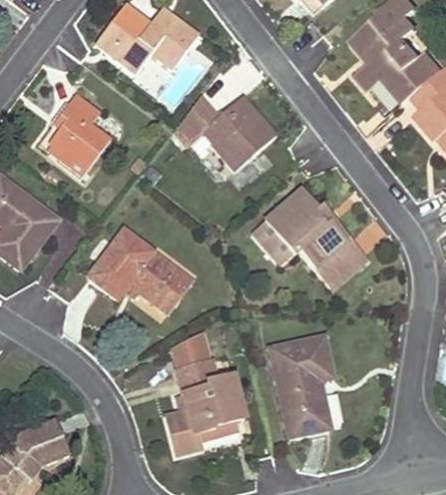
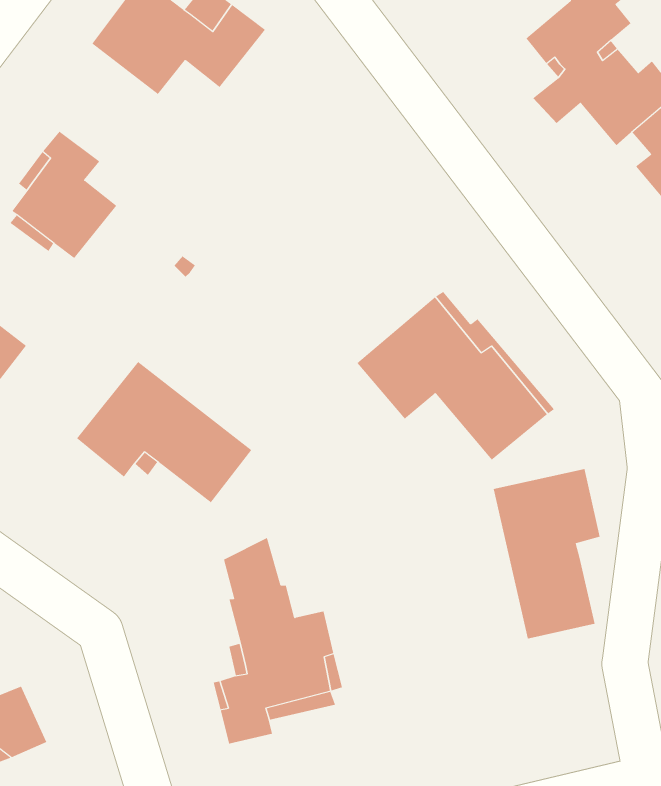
building: [174,95,276,187] -> none
building: [269,336,332,436] -> [493,468,601,639]

